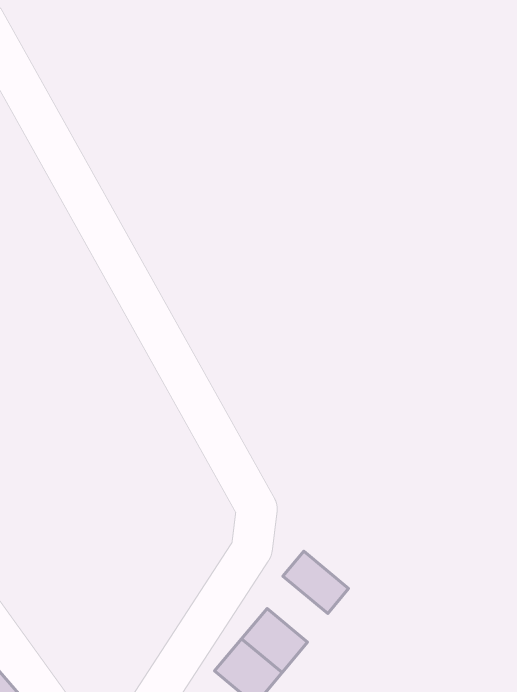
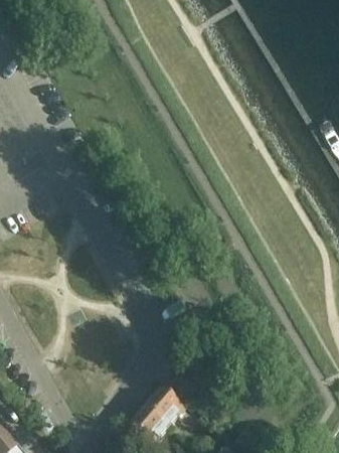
building: [283,551,349,614] -> none

